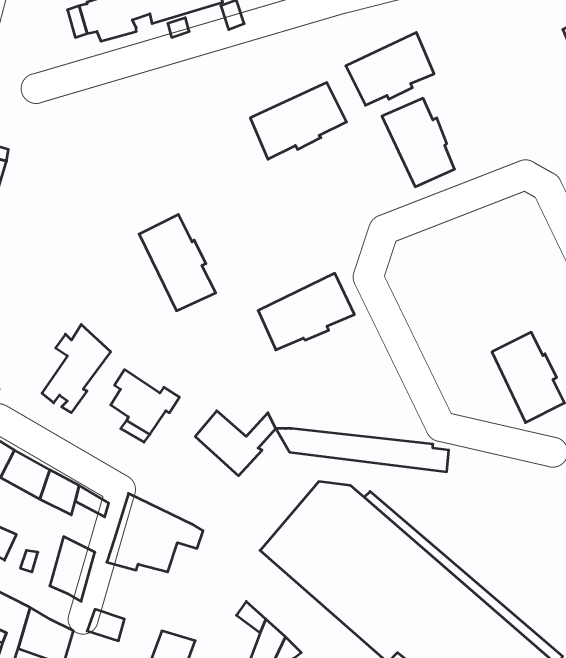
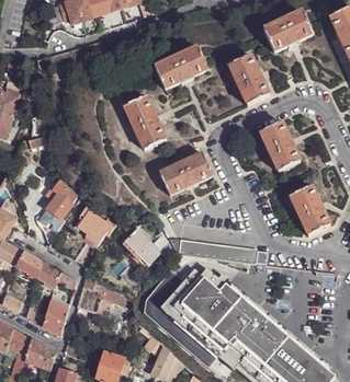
building: [346,32,434,105] -> [263,12,313,53]
building: [139,214,216,311] -> [124,96,167,150]
building: none -> [260,123,301,172]

